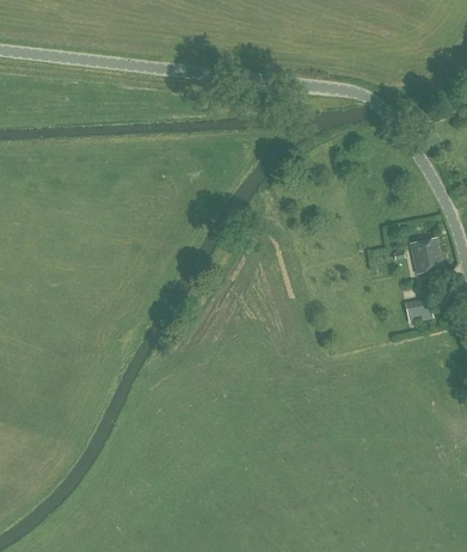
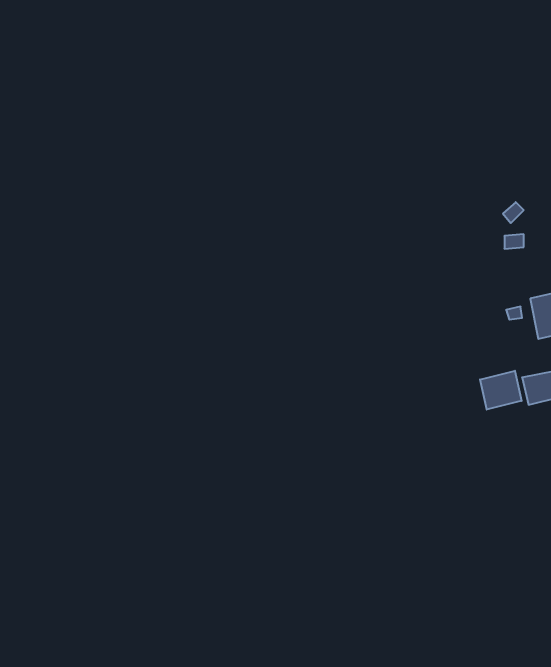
building: none -> [480,371,522,410]

